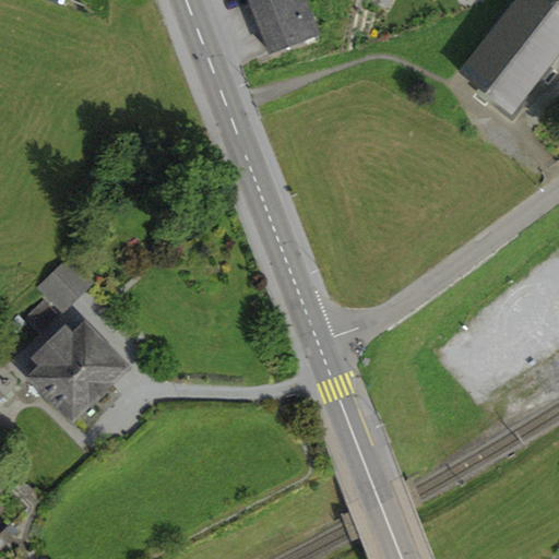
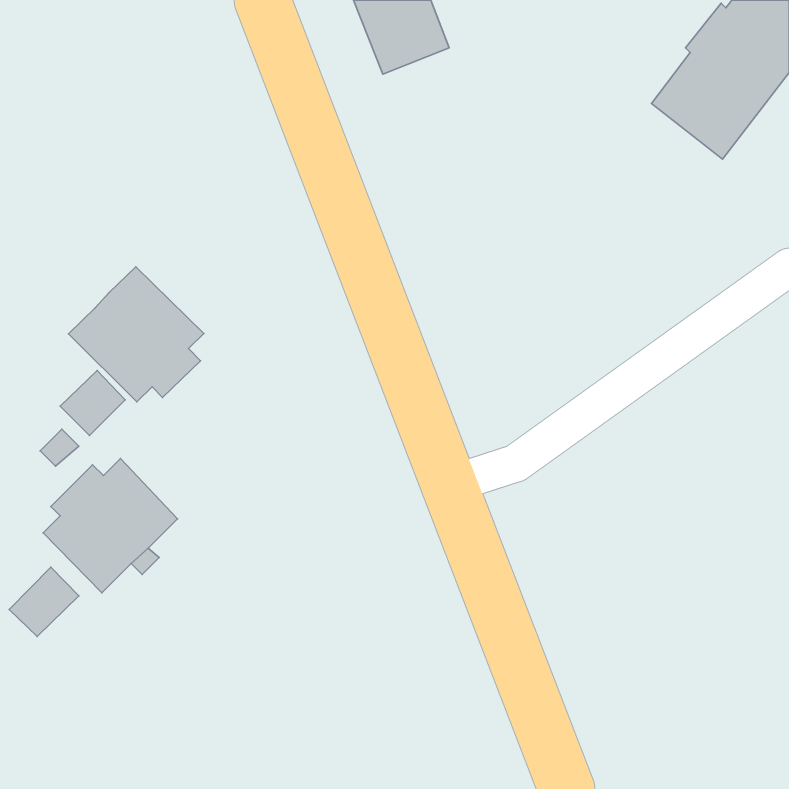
building: none -> [68,267,204,402]
building: none -> [9,567,79,636]

